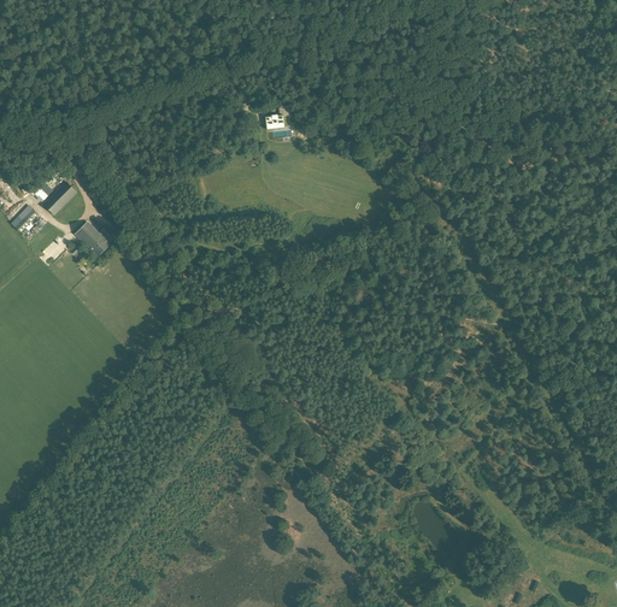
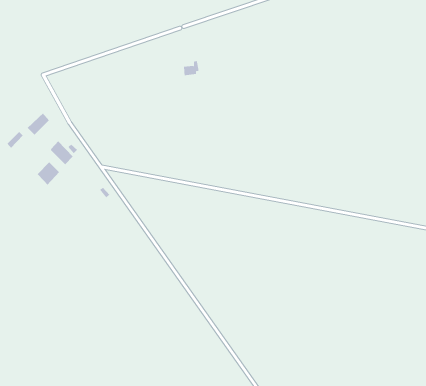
building: none -> [37,162,60,185]

